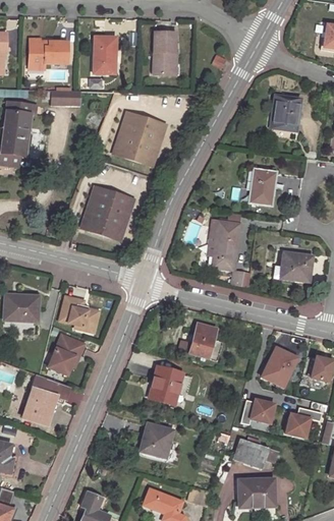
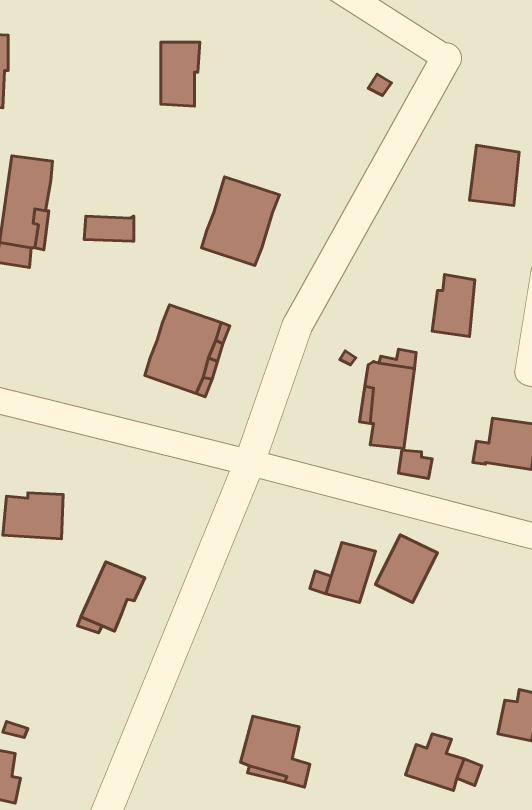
building: [154,31,175,73] -> none
building: [29,37,68,62] -> none
building: [51,90,79,104] -> [84,216,134,241]
building: [59,295,98,331] -> none
building: [262,347,297,386] -> [375,535,437,602]
building: [148,365,183,404] -> none
building: [22,374,67,424] -> none
building: [241,399,275,424] -> none

